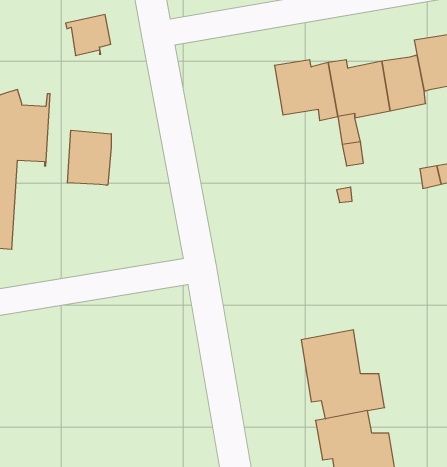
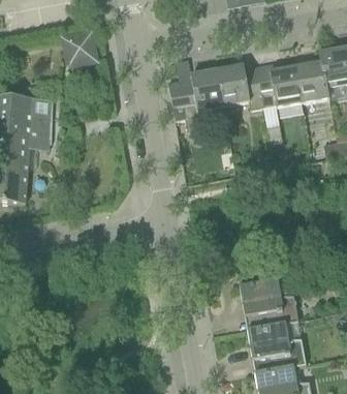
building: none -> [168,69,223,131]
building: [68,130,111,185] -> none

